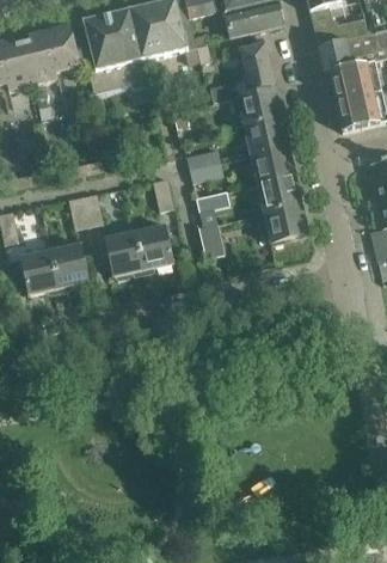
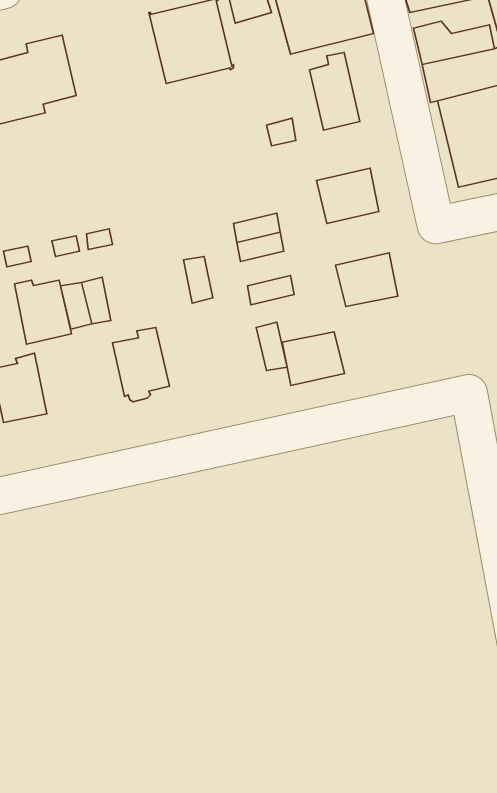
building: [84,10,148,97] -> none
building: [238,88,282,126] -> none
building: [252,147,295,184] -> none
building: [265,206,308,243] -> [282,332,344,385]
building: [134,224,173,268] -> none
building: [50,243,90,287] -> [14,280,71,344]

